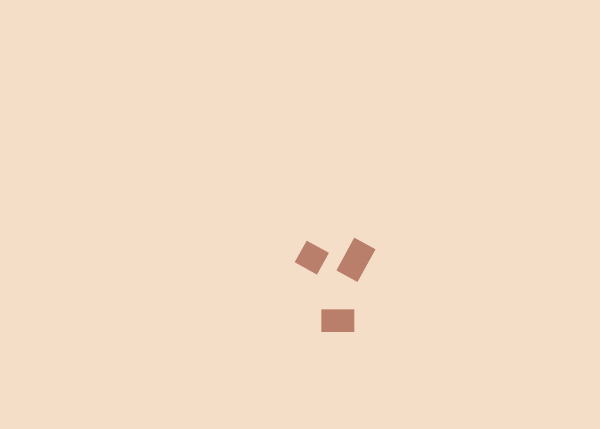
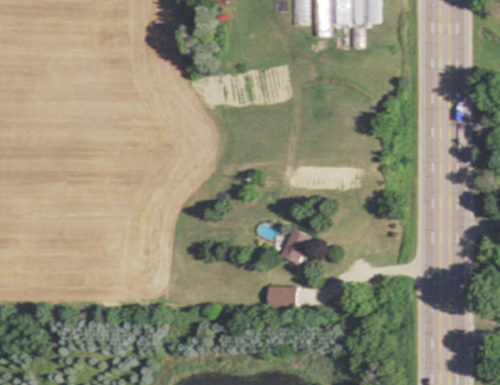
building: [294,240,330,275] -> none

